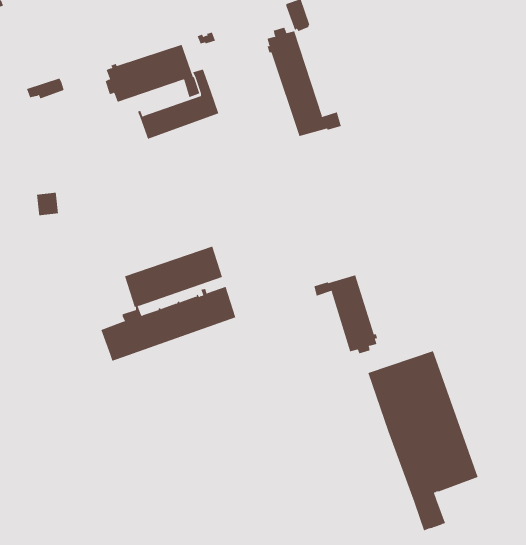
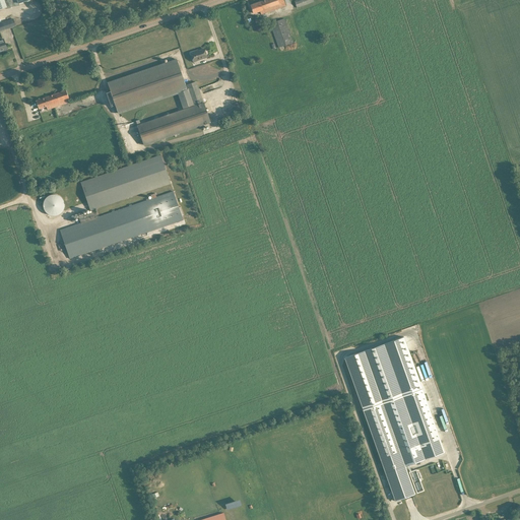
building: [267,27,342,137] -> none
building: [100,246,236,361] -> [59,154,182,259]
building: [314,274,378,354] -> none

